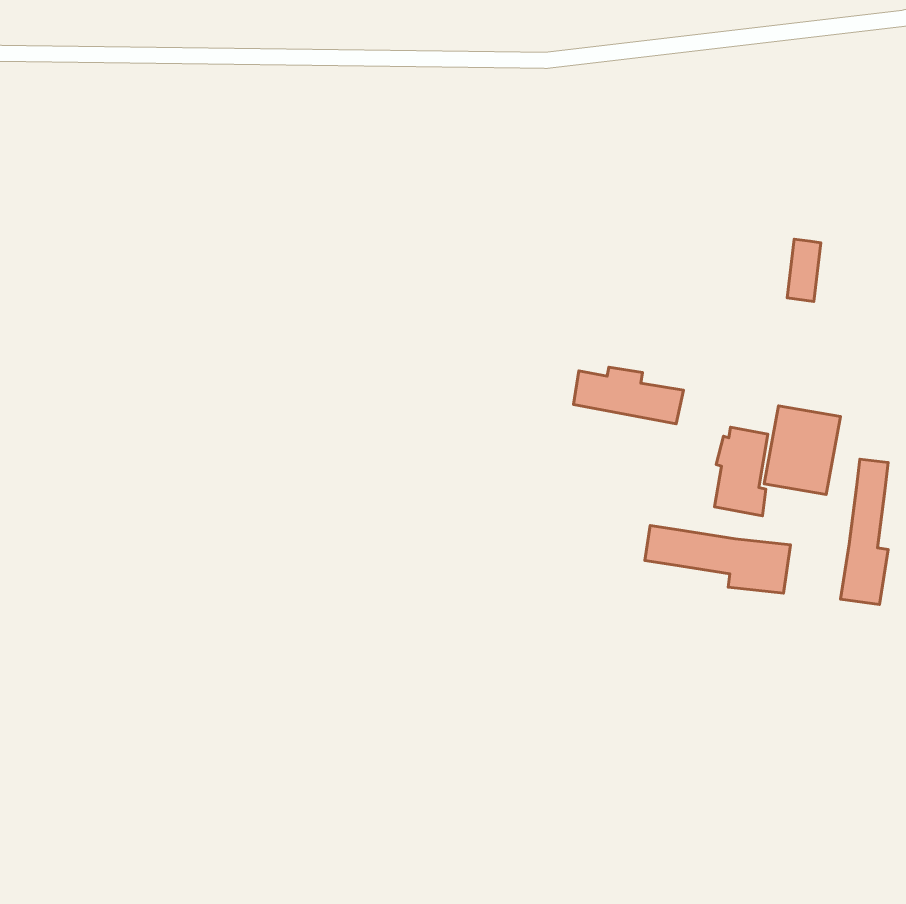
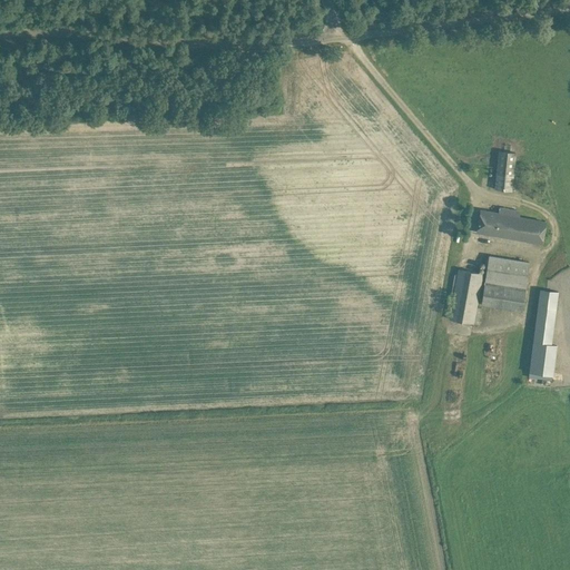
building: [573,367,683,424] -> [476,208,546,244]
building: [645,525,790,593] -> none

